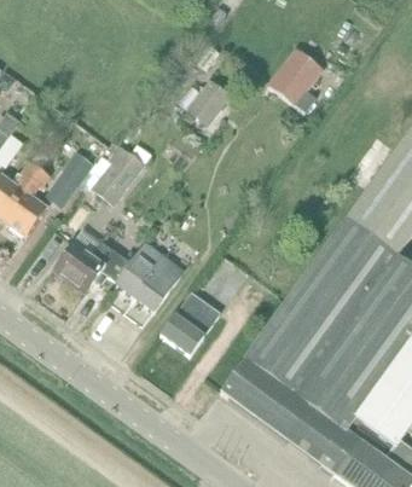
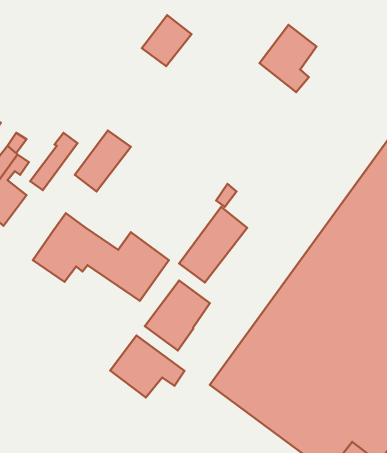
building: [185,77,232,126] -> [142,15,192,66]
building: none -> [179,207,247,283]
building: none -> [110,336,185,397]

